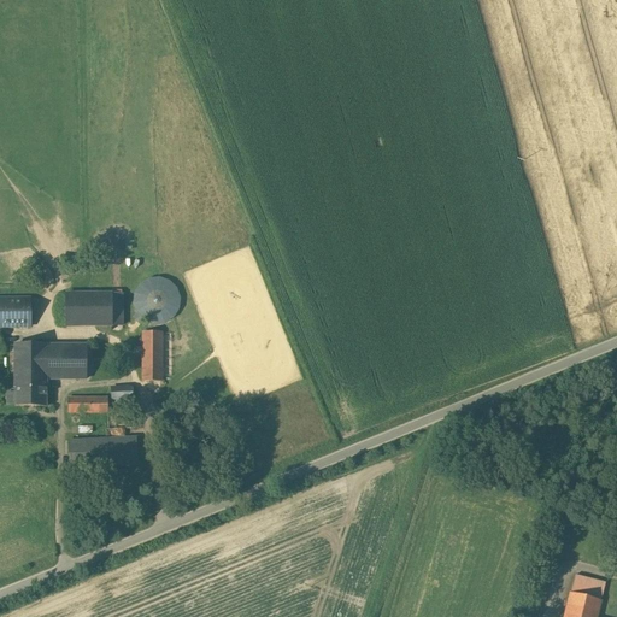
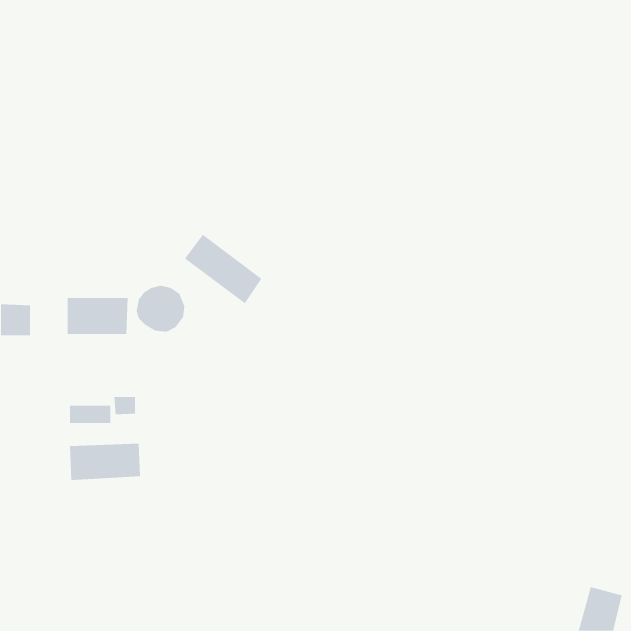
building: none -> [184,234,262,304]
building: [141,331,164,381] -> none
building: [12,341,83,406] -> none

